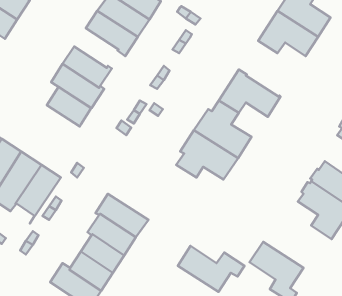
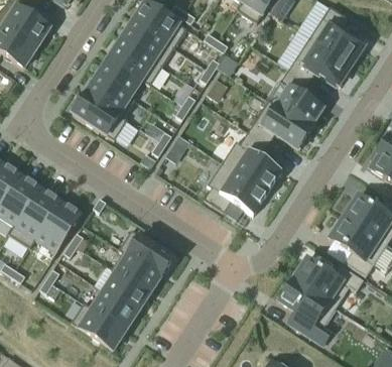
building: none -> [275,69,322,127]
building: [47,87,91,126] -> [96,55,142,97]
building: [178,246,244,292] -> [293,258,363,307]

